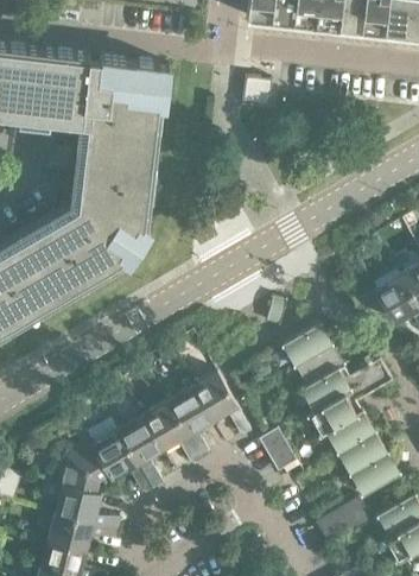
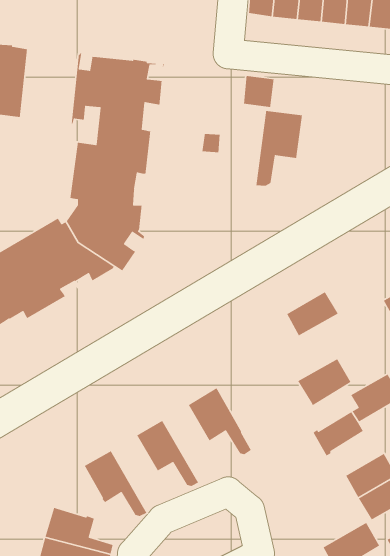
building: [32,53,87,125] -> none
building: none -> [256,110,303,187]
building: [281,324,331,367] -> [286,291,339,337]
building: [300,372,350,414] -> none
building: [166,390,210,463] -> none
building: [325,412,375,456] -> none
building: [118,418,161,492] -> none
building: [259,430,297,474] -> none
building: [56,441,109,495] -> none

